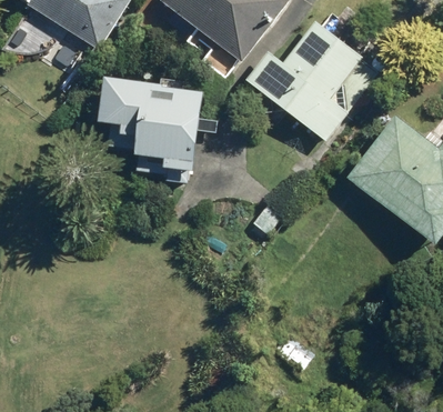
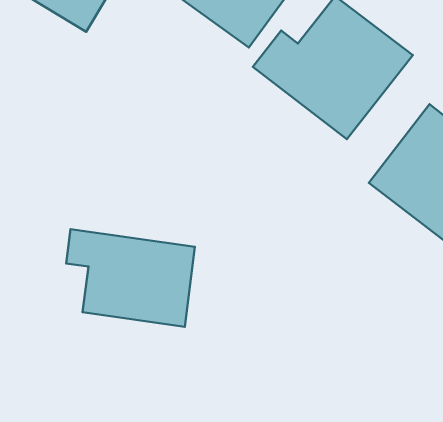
building: [94,77,202,173] -> none
building: none -> [66,229,195,327]

